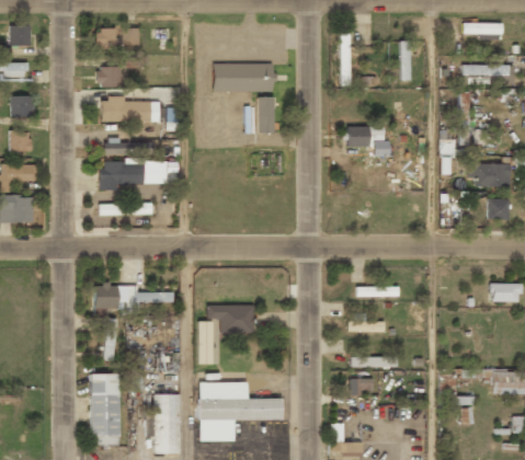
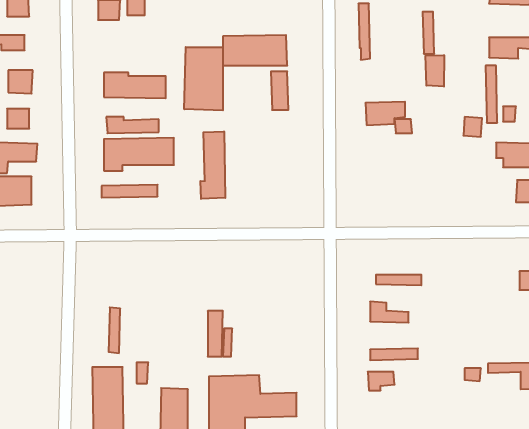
building: [96,67,121,85] -> none
building: none -> [184,47,223,110]
building: none -> [426,55,444,87]
building: none -> [200,131,225,199]
building: [94,286,173,308] -> none
building: [207,303,254,334] -> none

